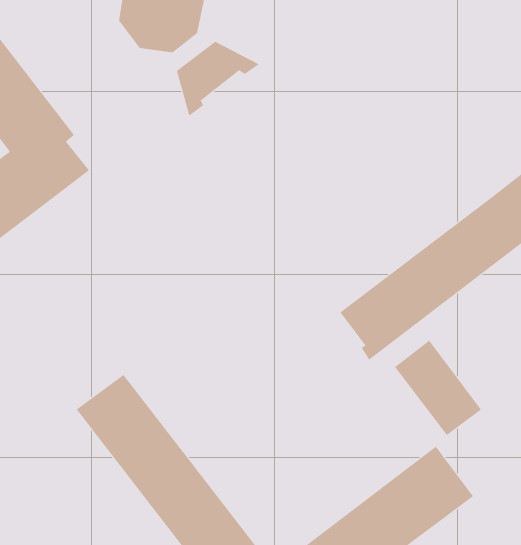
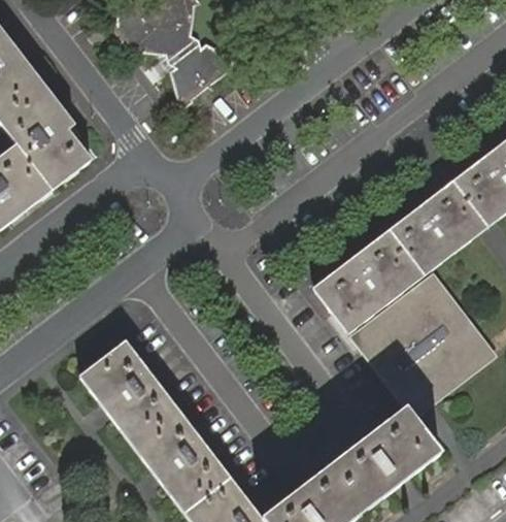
building: none -> [399,289,477,374]

